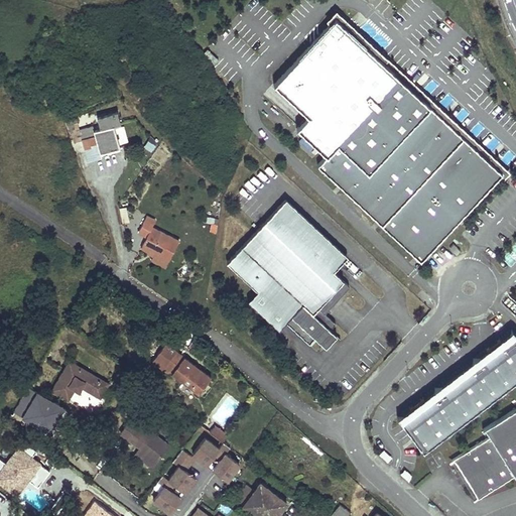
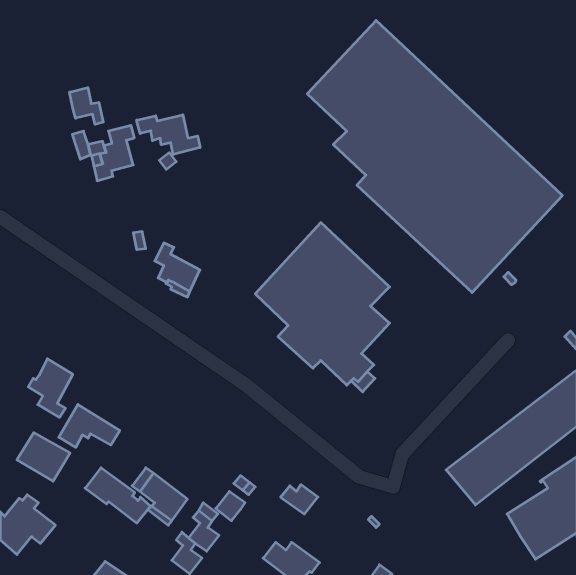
building: none -> [70,88,103,124]
building: none -> [137,115,200,154]
building: none -> [28,359,73,417]
building: [151,345,210,394] -> [85,468,151,523]
building: [208,456,241,482] -> [281,485,318,514]

